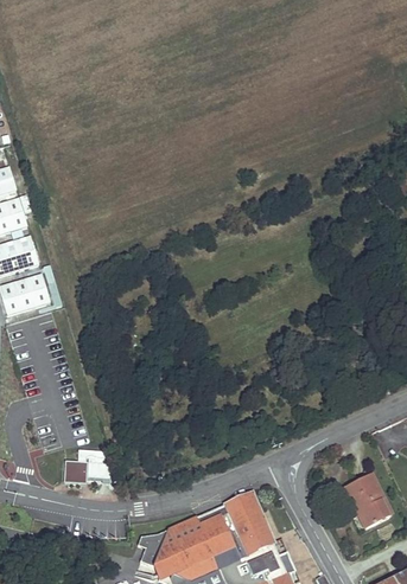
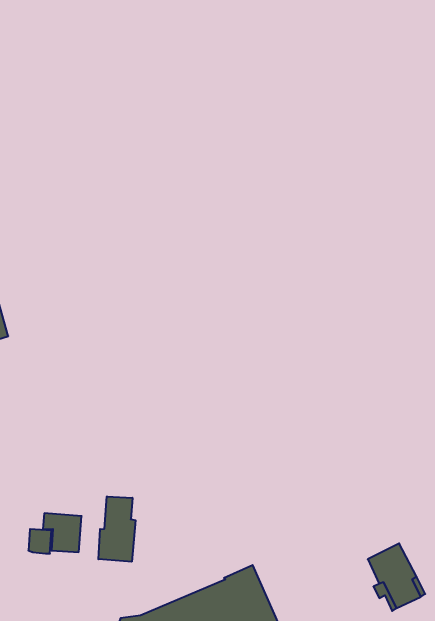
building: none -> [98,496,136,562]

